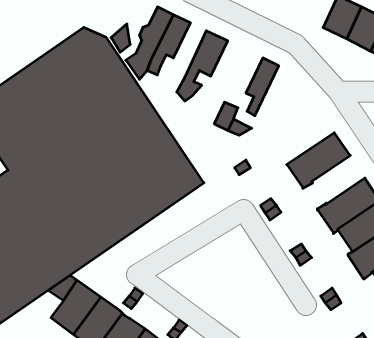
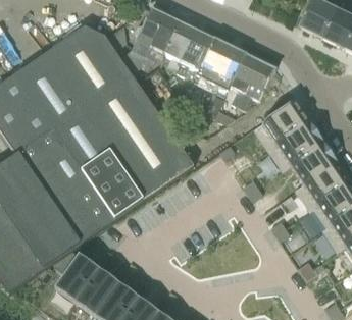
building: none -> [159,21,194,84]
building: none -> [196,38,245,90]
building: none -> [238,60,274,108]
building: none -> [253,100,309,149]
building: none -> [289,141,337,184]

